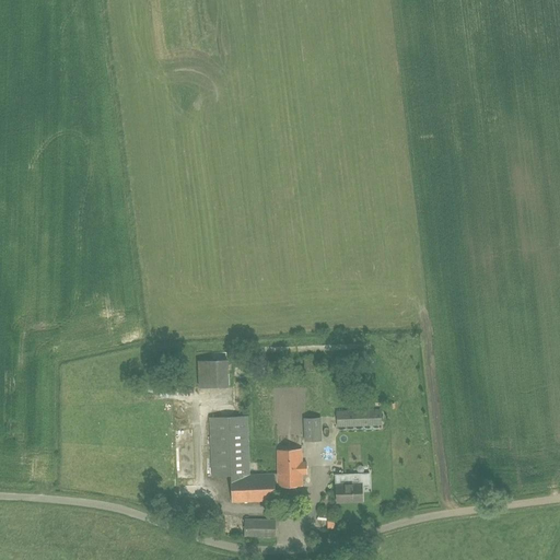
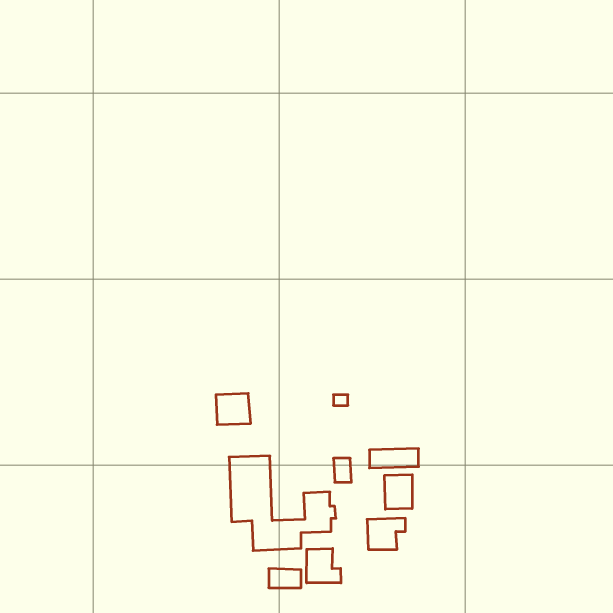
building: none -> [385,475,412,509]
building: none -> [307,548,341,583]

